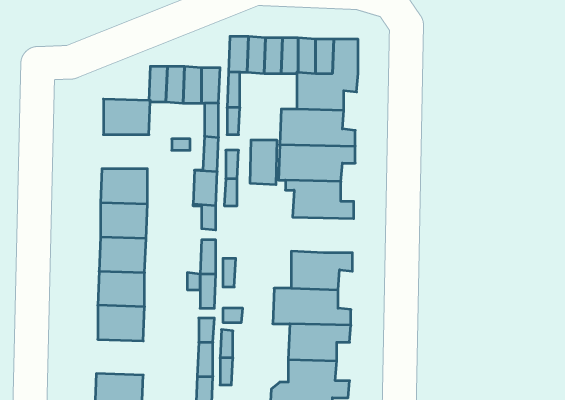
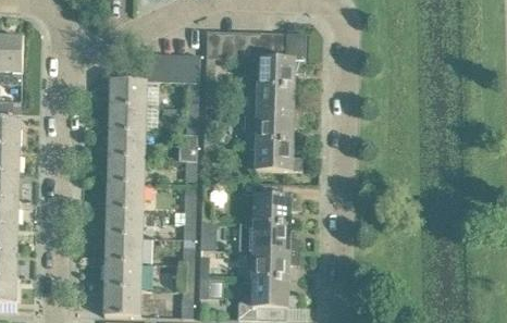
building: none -> [109,105,145,132]
building: [250,140,277,185] -> none
building: none -> [104,262,140,289]

